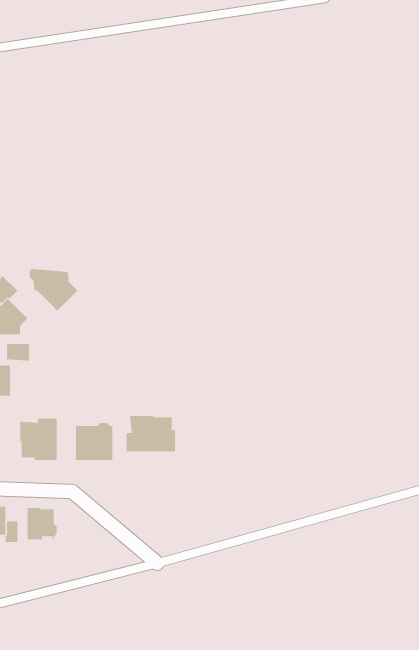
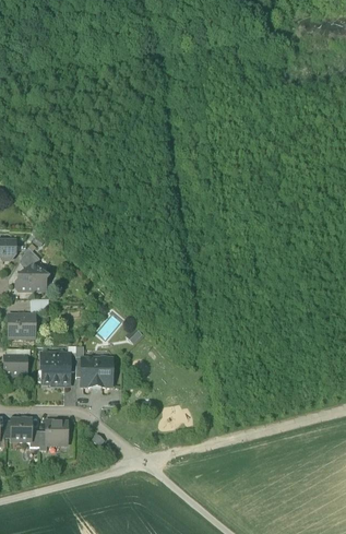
building: [29,268,78,311] -> none
building: [126,415,176,452] -> none

